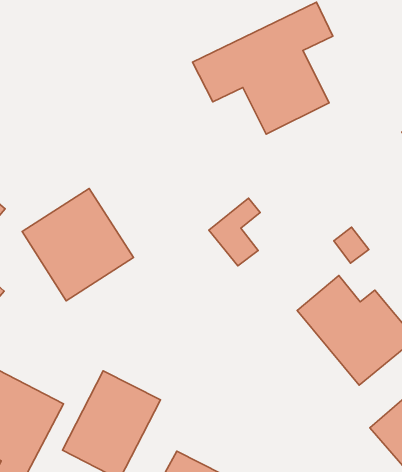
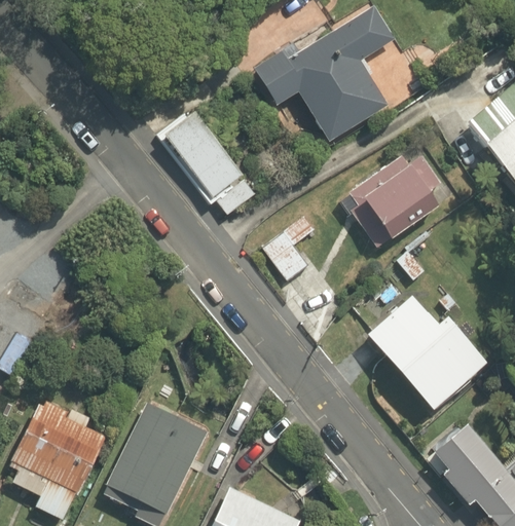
building: none -> [155,101,259,222]
building: none -> [340,153,446,256]
building: [22,189,133,301] -> none

